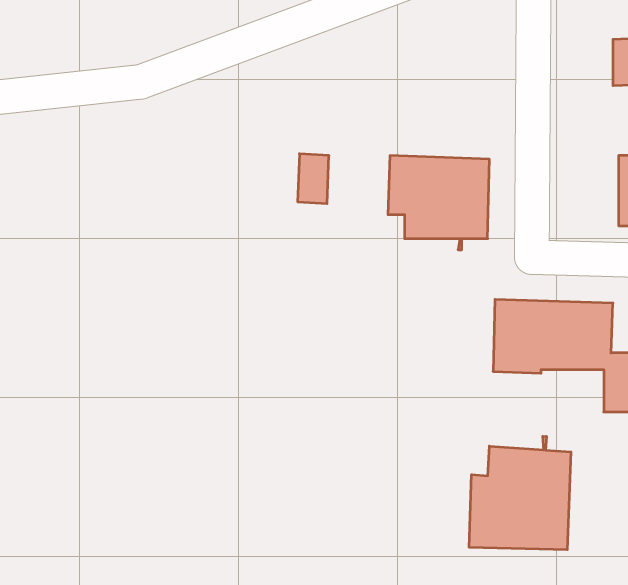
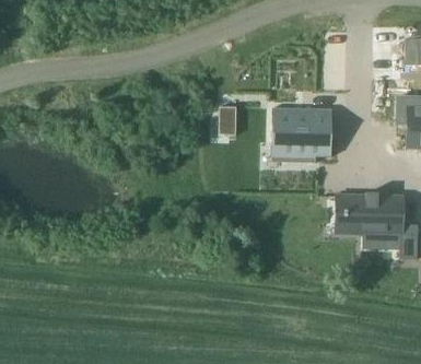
building: [469,436,571,550] -> none

